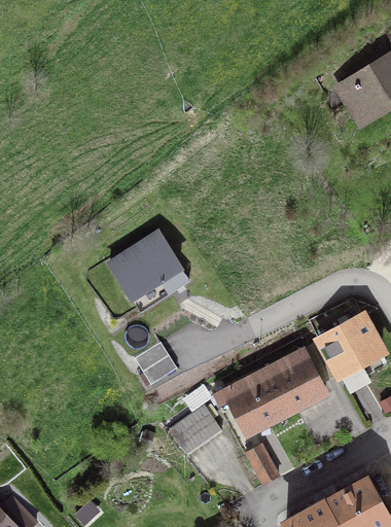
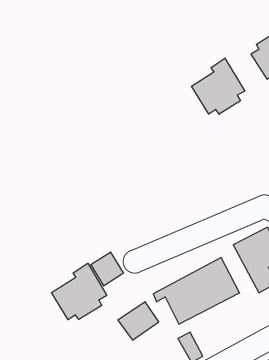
building: none -> [191,58,245,114]
building: [109,233,188,312] -> none
building: none -> [52,263,107,320]

